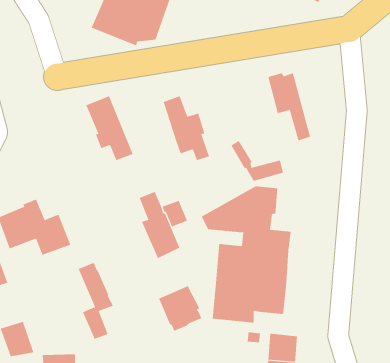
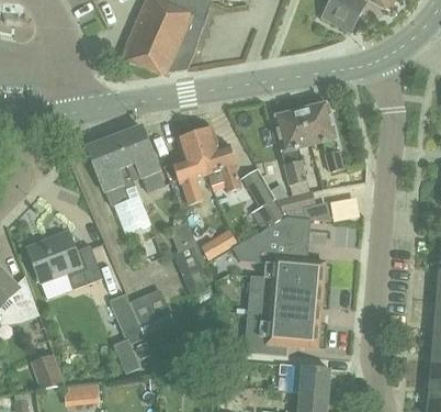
building: none -> [274,105,308,182]
building: none -> [171,131,206,202]
building: none -> [86,134,147,232]
building: none -> [240,167,285,224]
building: [158,286,202,331] -> [127,287,172,333]

